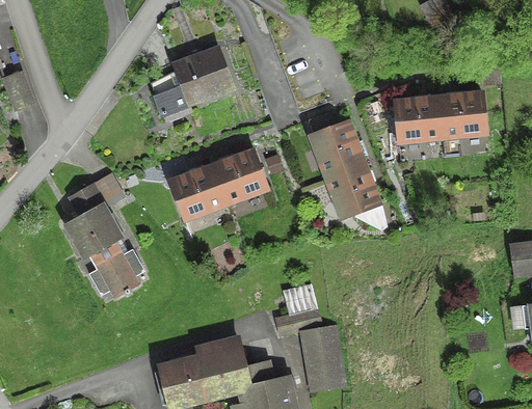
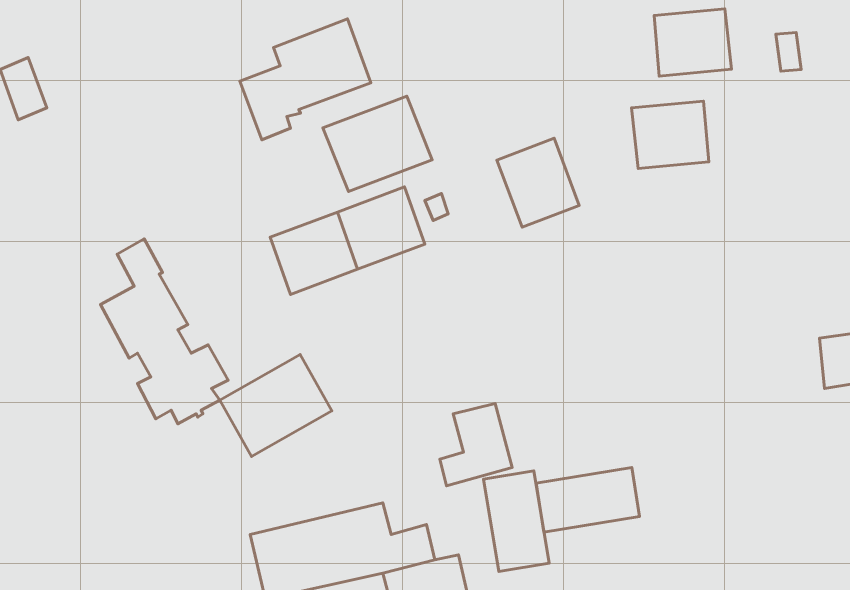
building: [438,93,486,135] -> [654,9,731,76]
building: none -> [323,96,432,191]
building: [326,162,384,227] -> none
building: none -> [220,354,332,457]
building: none -> [536,468,640,532]

